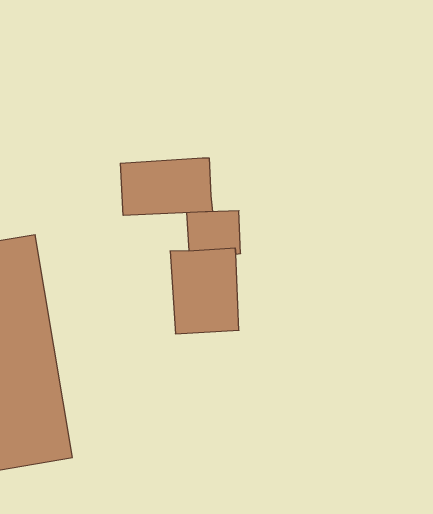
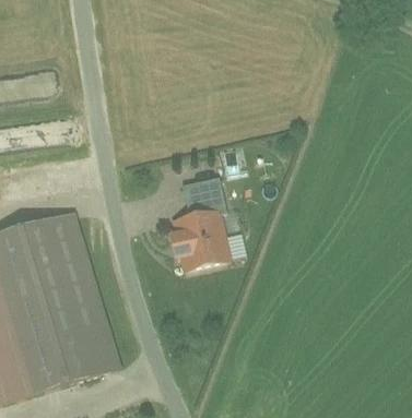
building: [120,158,212,215] -> none

